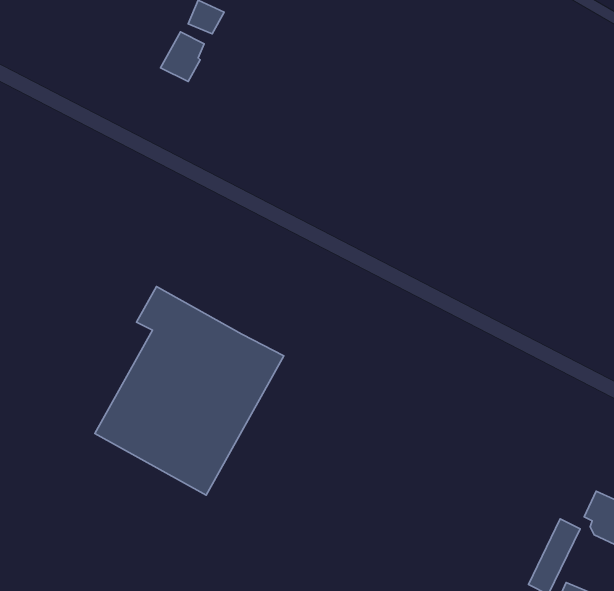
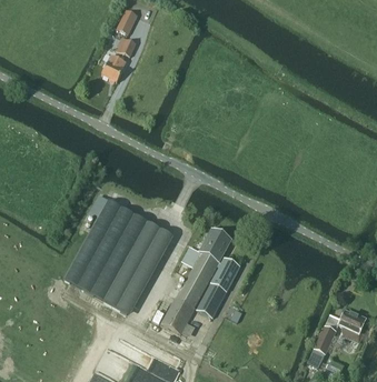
building: none -> [162,229,241,332]

